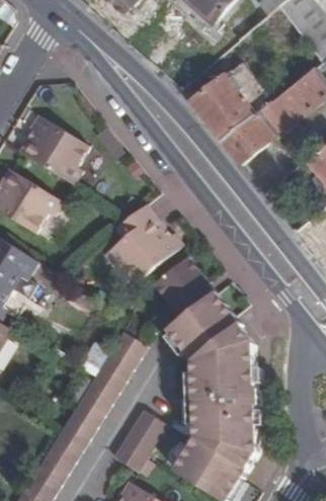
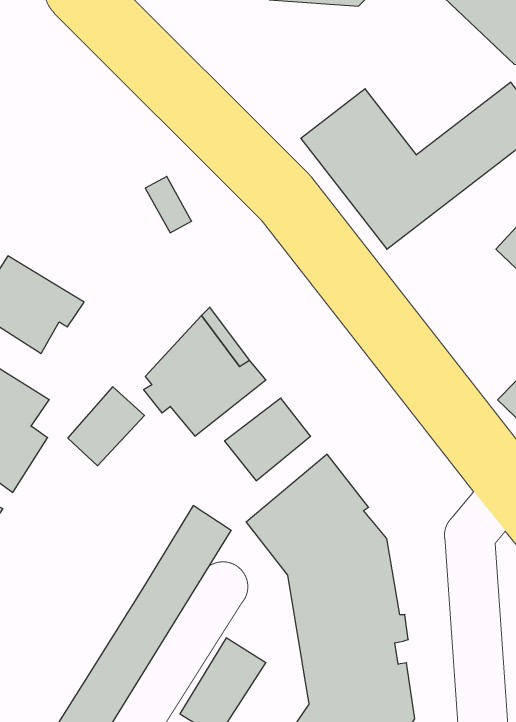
building: [22,117,85,182] -> none
building: none -> [68,387,144,466]

